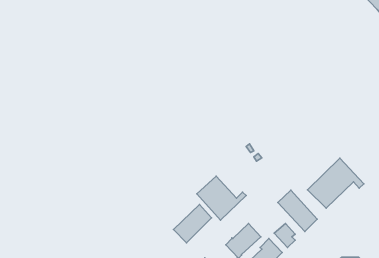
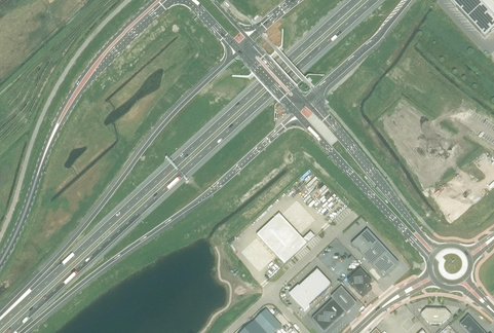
building: [307,158,364,208] -> none
building: [174,205,212,243] -> none

